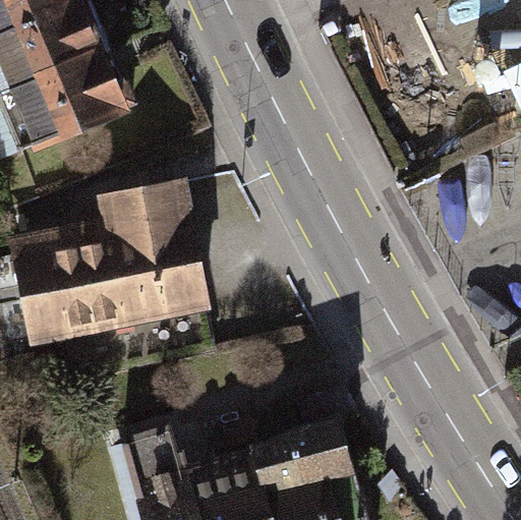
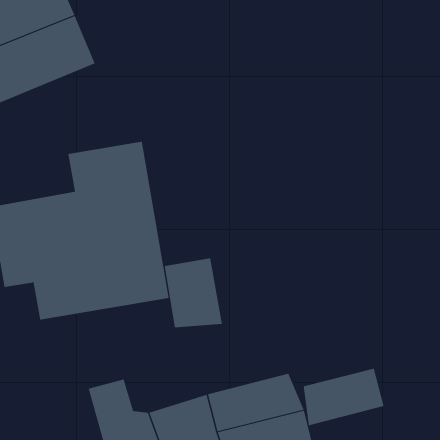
building: none -> [164,258,222,328]
building: none -> [303,368,384,426]

